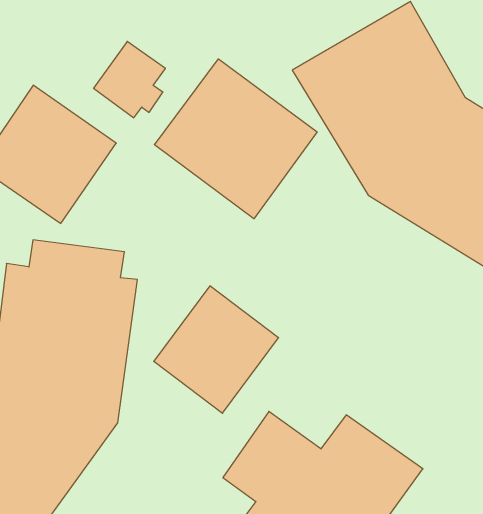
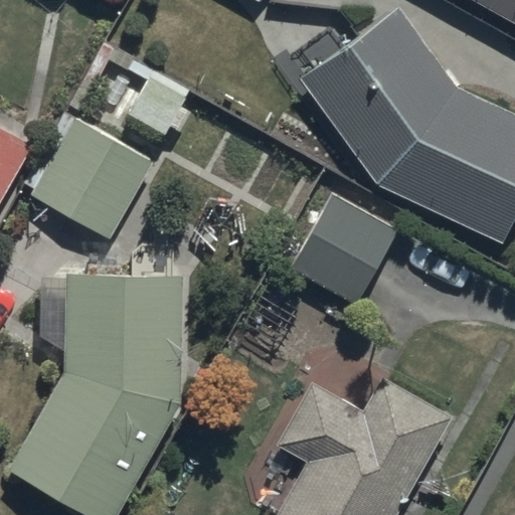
building: [154,59,317,219] -> none
building: [154,286,279,413] -> [290,197,397,308]

